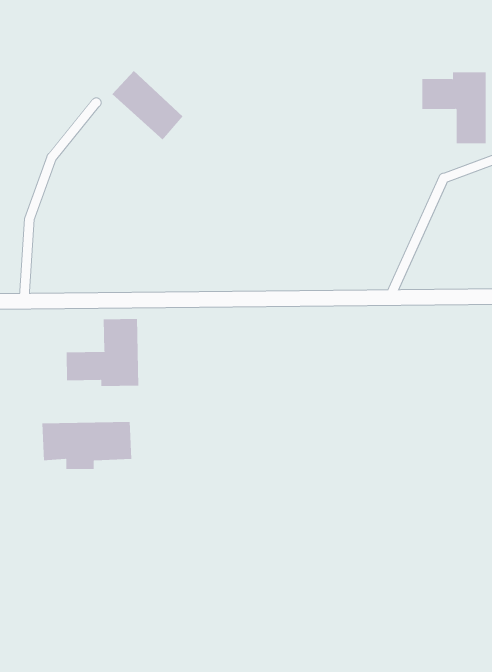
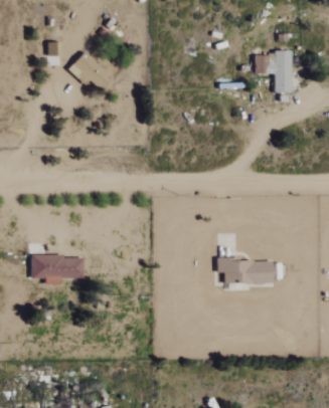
building: [66,318,139,387] -> none
building: none -> [219,259,273,282]

